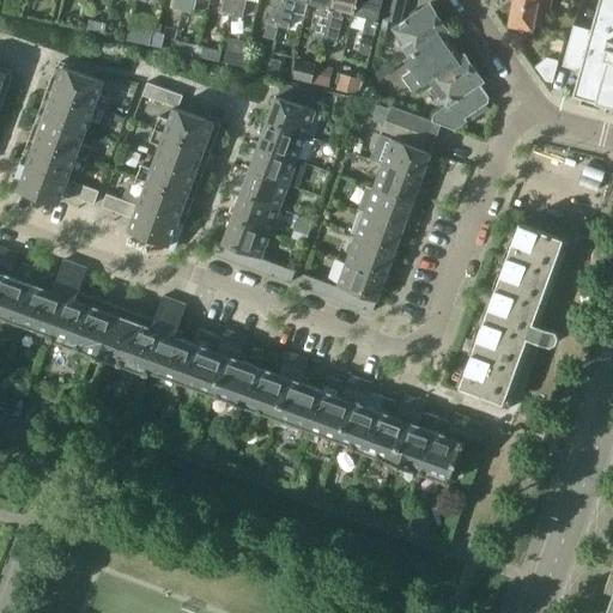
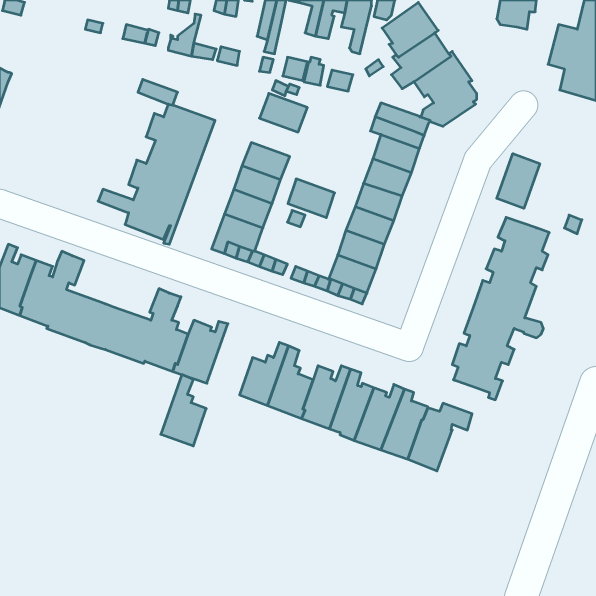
building: [10,65,108,206] -> none
building: [257,122,305,162] -> [288,179,335,218]
building: none -> [497,154,540,208]
building: [212,333,259,406] -> [161,375,206,446]

